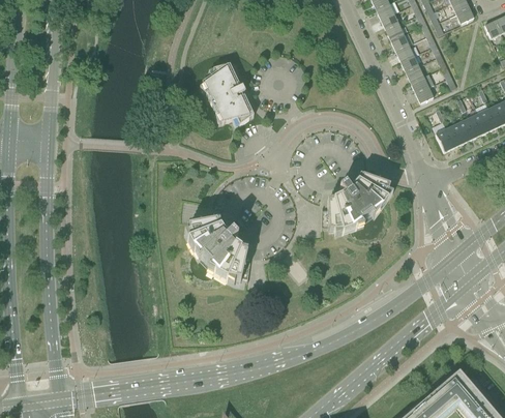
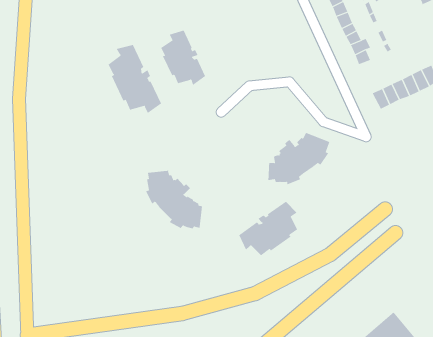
building: none -> [108,44,162,114]
building: none -> [238,201,298,256]

